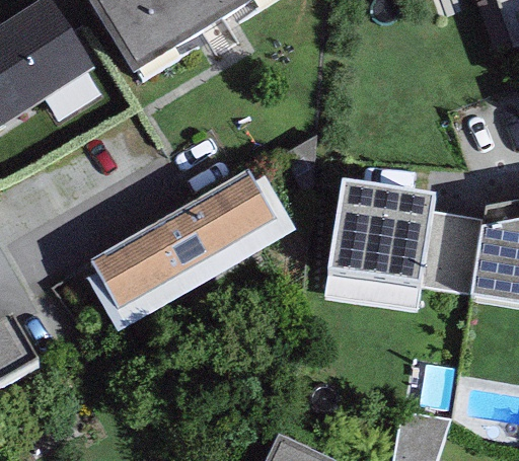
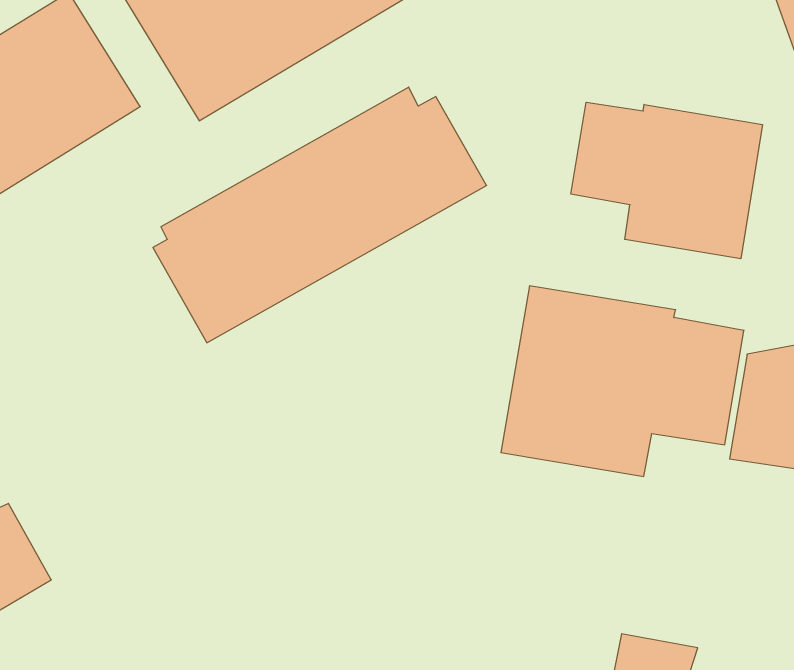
building: none -> [571,102,762,259]
building: [83,167,296,330] -> [153,87,487,343]

